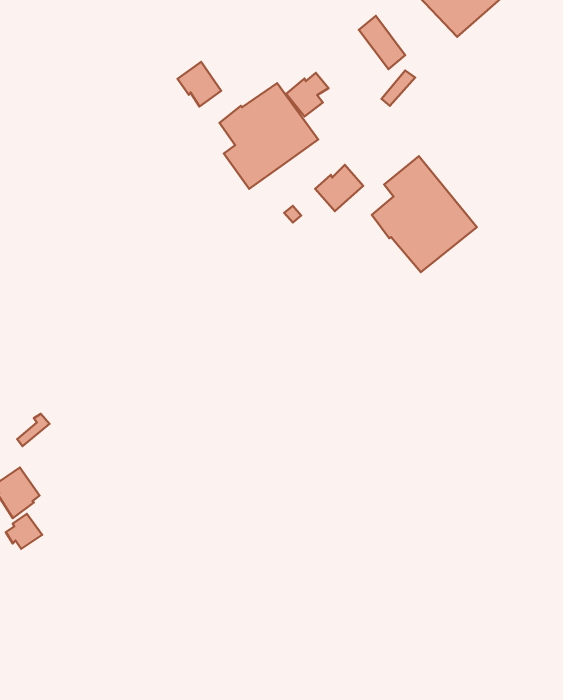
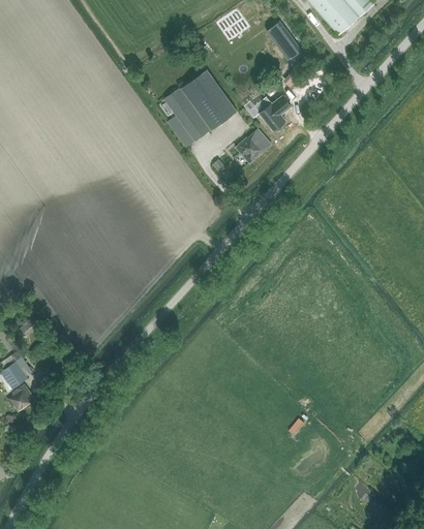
building: [178,62,221,107] -> none
building: [286,73,328,116] -> [260,98,291,130]
building: [372,156,477,272] -> none

